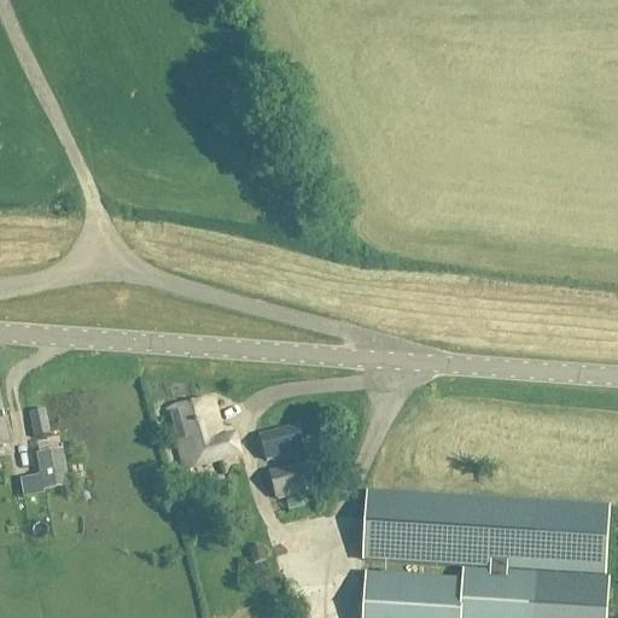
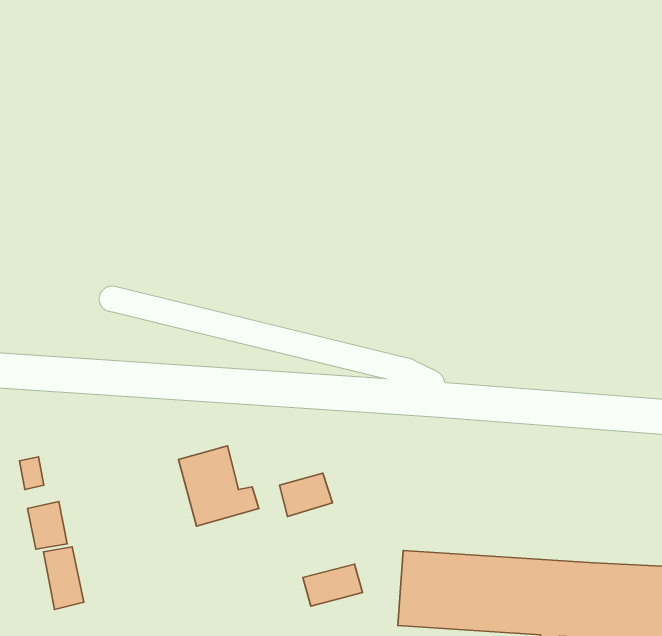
building: [268,459,321,496] -> [303,564,363,606]
building: none -> [43,547,84,609]

